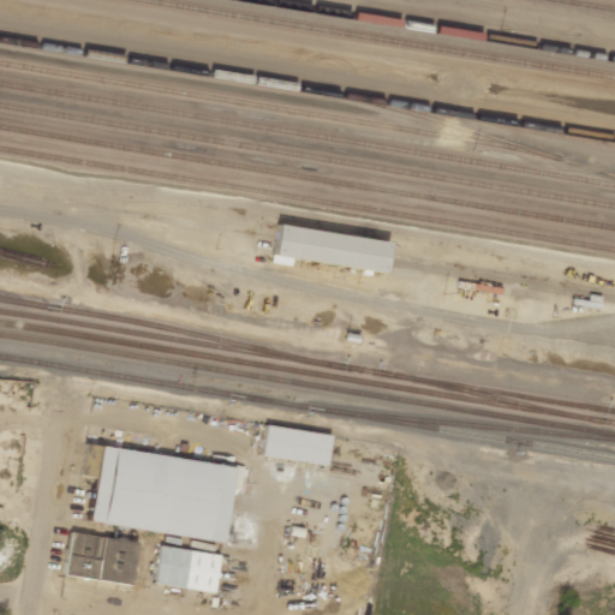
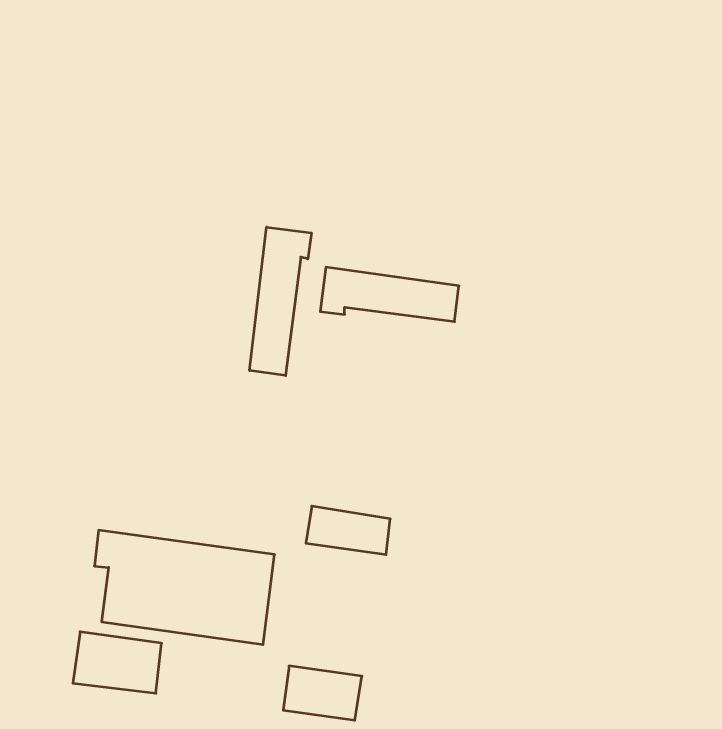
building: none -> [250,227,311,376]
building: [159,548,225,593] -> [283,666,362,720]

